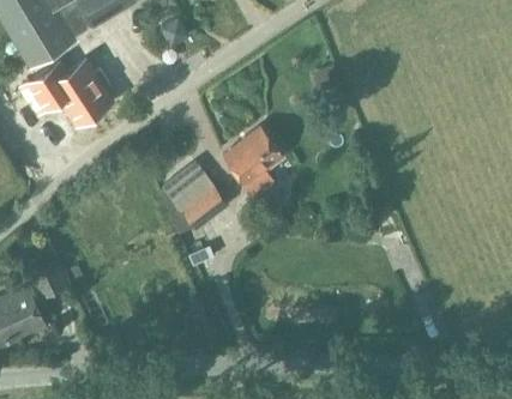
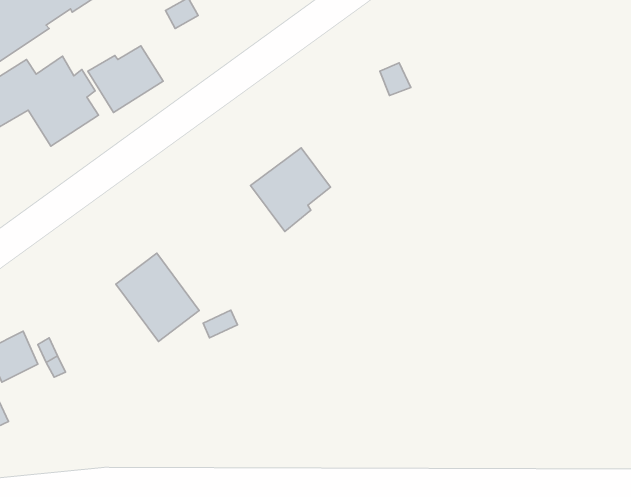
building: none -> [88,46,163,112]
building: [163,162,224,226] -> [116,253,199,341]

